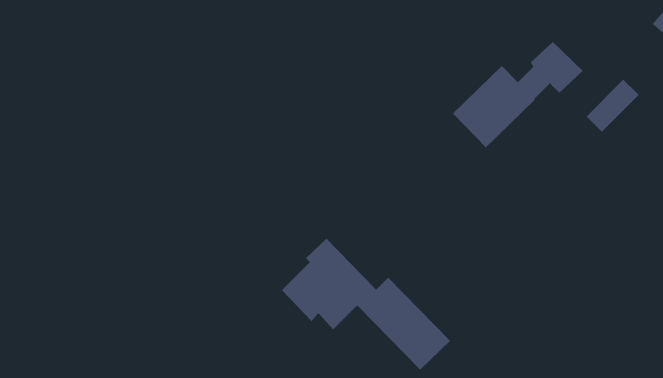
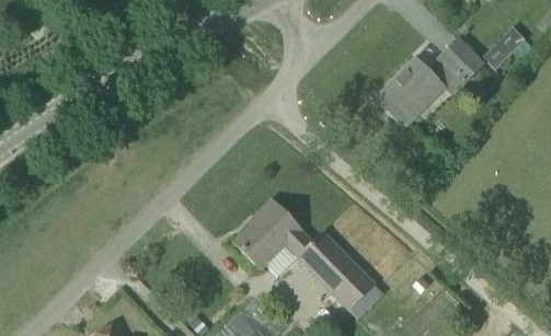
building: [586,79,639,132] -> [483,25,527,69]

